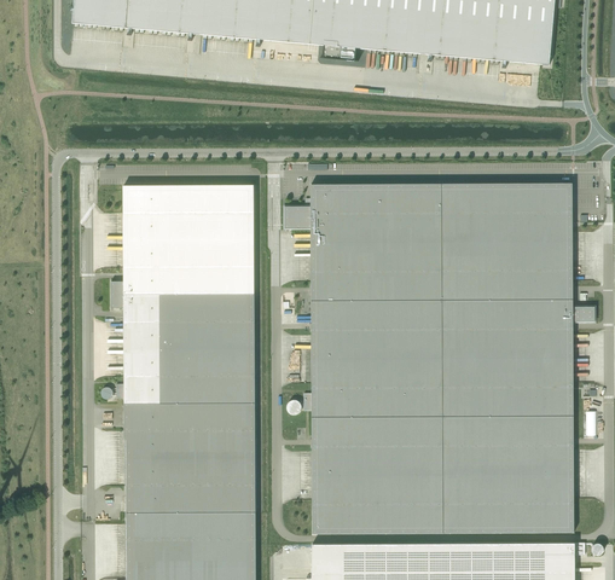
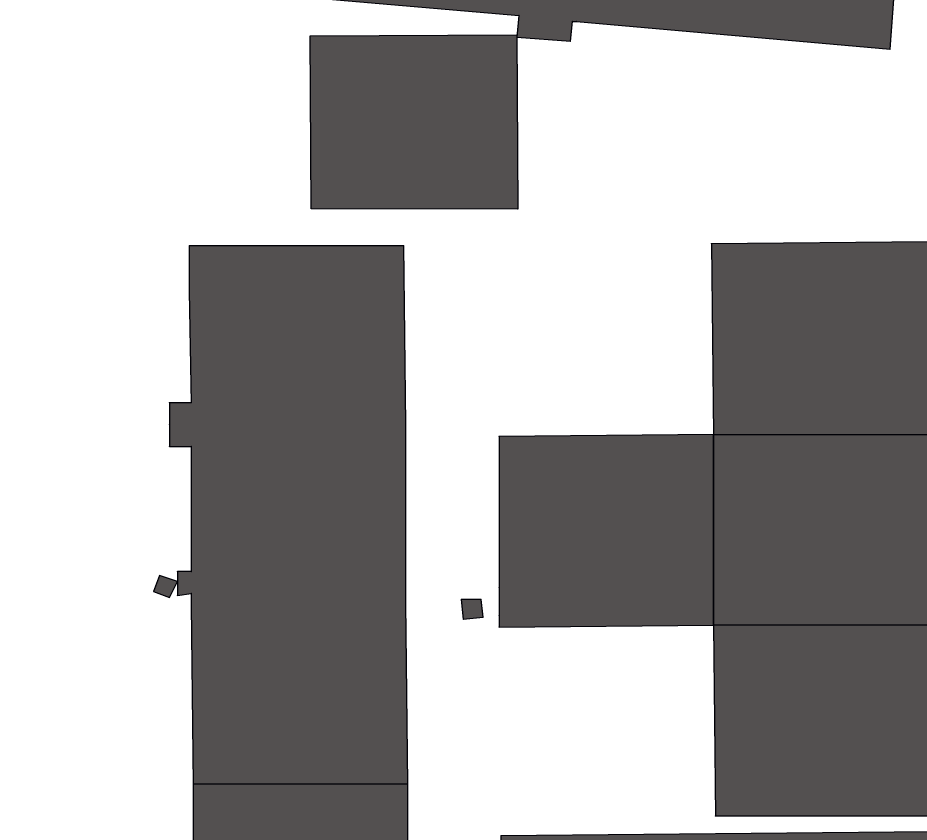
building: none -> [310,35,518,209]
building: [285,185,442,302] -> none
building: [312,417,443,534] -> none

